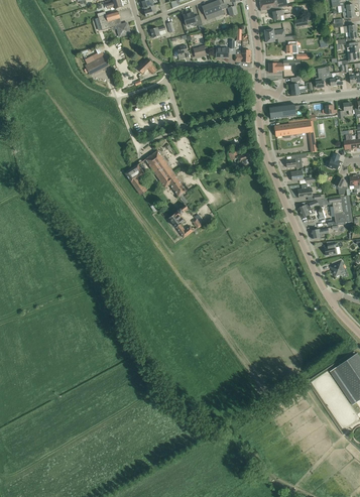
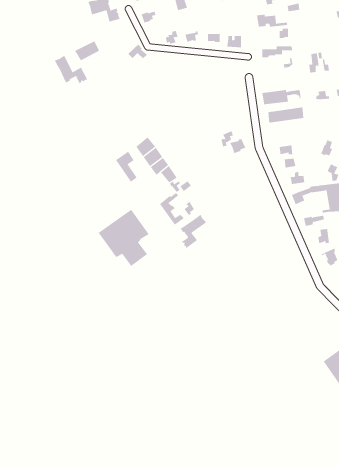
building: none -> [54,55,88,84]
building: none -> [98,209,149,267]
building: none -> [180,214,207,249]

